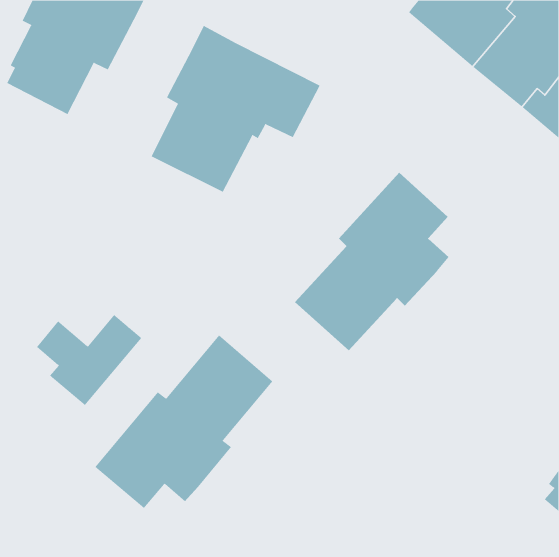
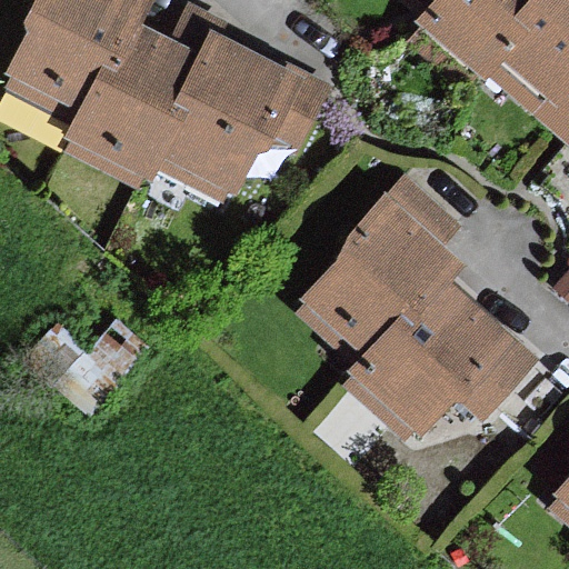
building: none -> [63,22,194,187]
building: none -> [346,278,532,433]
building: [94,335,273,509] -> none

